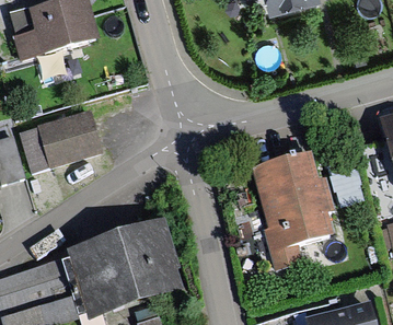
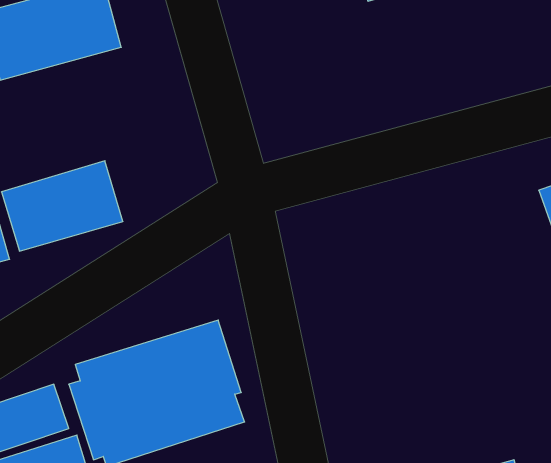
building: [251,159,325,268] -> none

